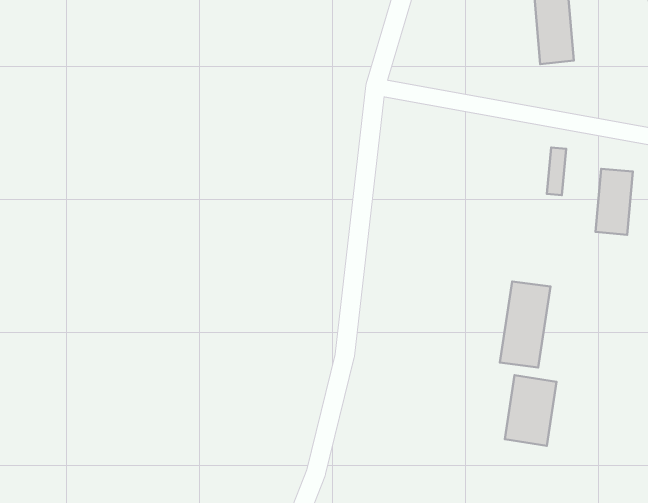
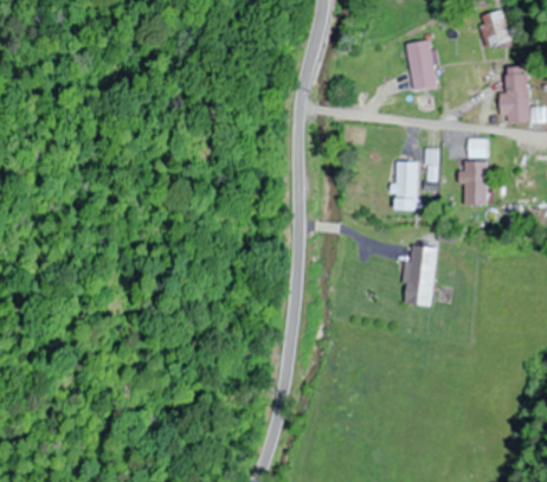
building: none -> [397,161,418,210]
building: [505,375,556,446] -> none

